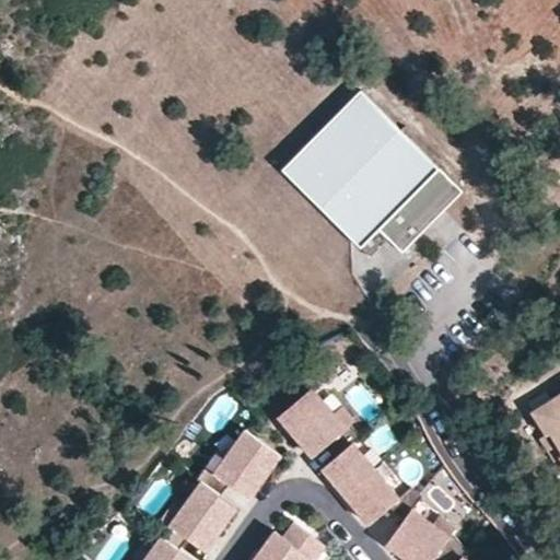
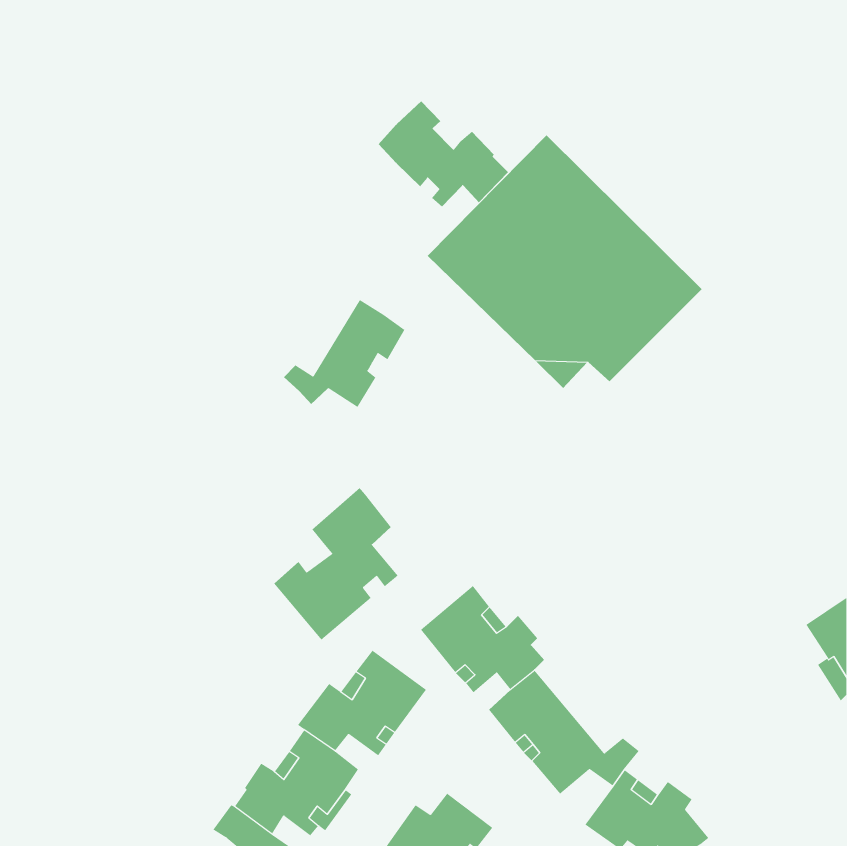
building: none -> [378,100,509,208]
building: none -> [283,299,405,408]
building: none -> [274,487,398,641]

